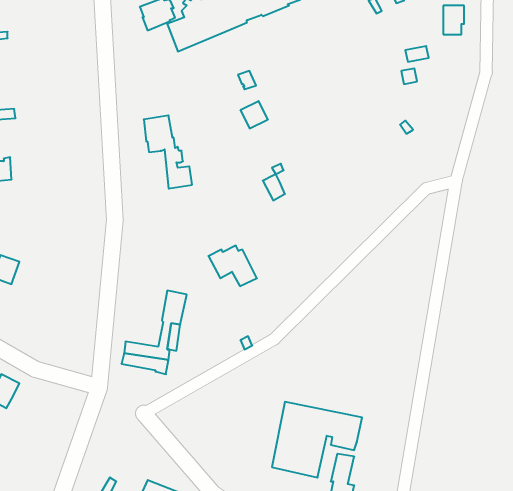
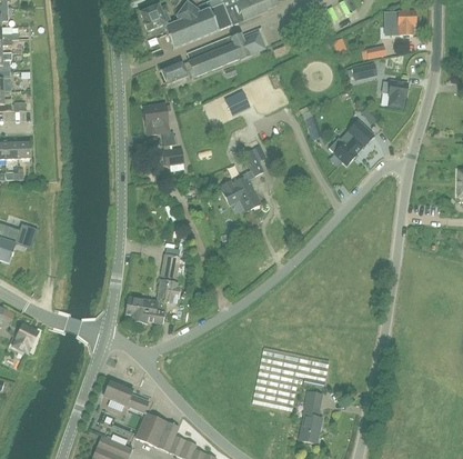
building: none -> [160,32,264,84]
building: none -> [382,81,407,108]
building: none -> [329,120,374,166]
building: [208,246,257,286] -> [219,176,260,210]
building: none -> [103,379,148,412]

